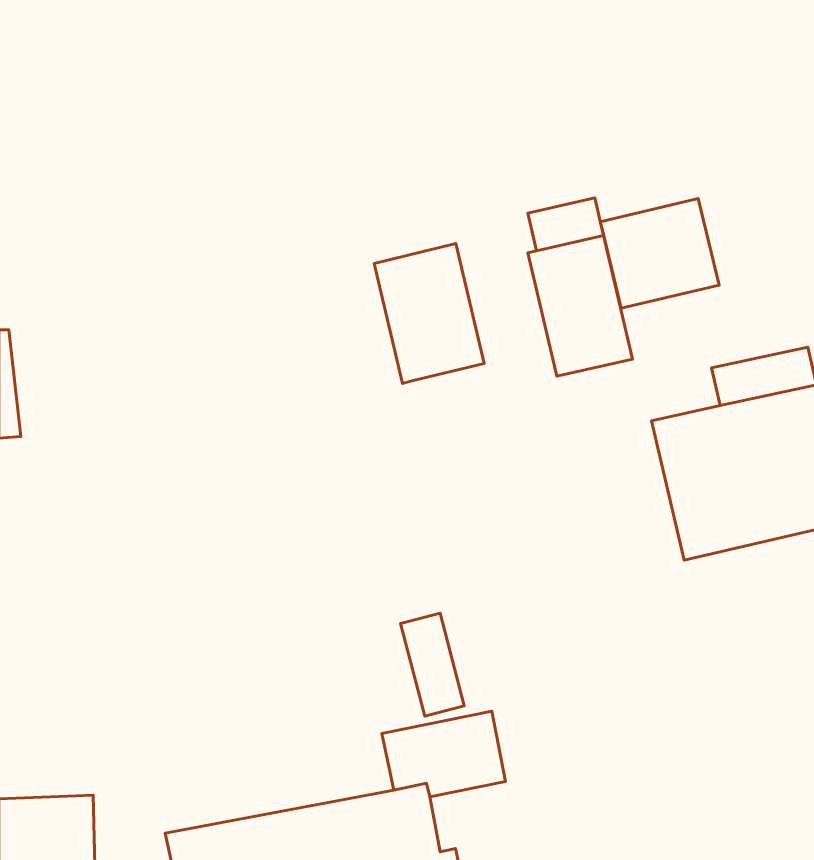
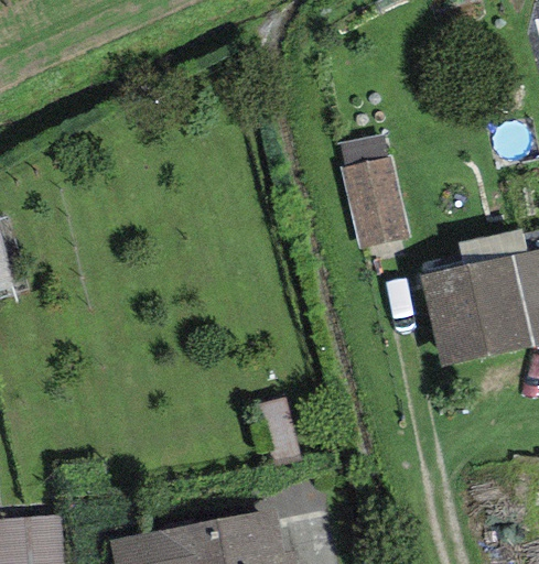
building: [600,199,719,308] -> none
building: [374,244,484,383] -> none

